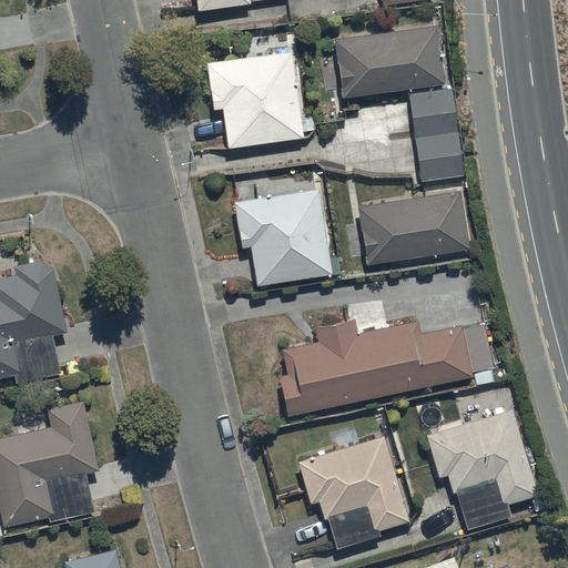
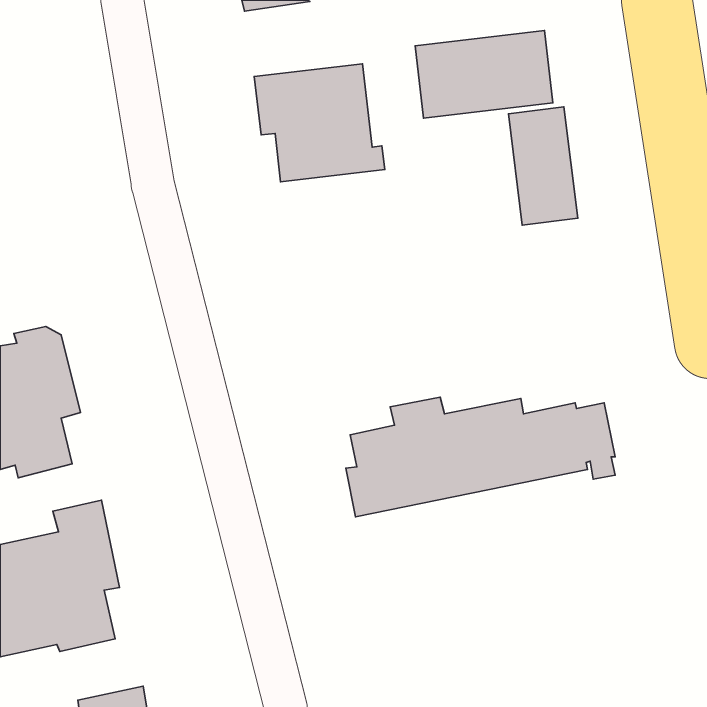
building: [234,189,331,286] -> none
building: [357,190,469,265] -> none
building: [425,410,536,530] -> none
building: [297,437,408,548] -> none

